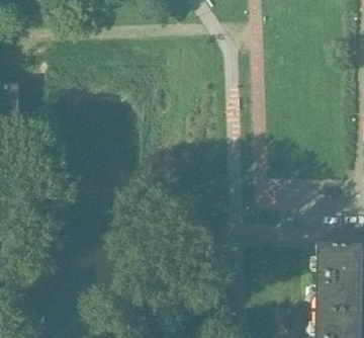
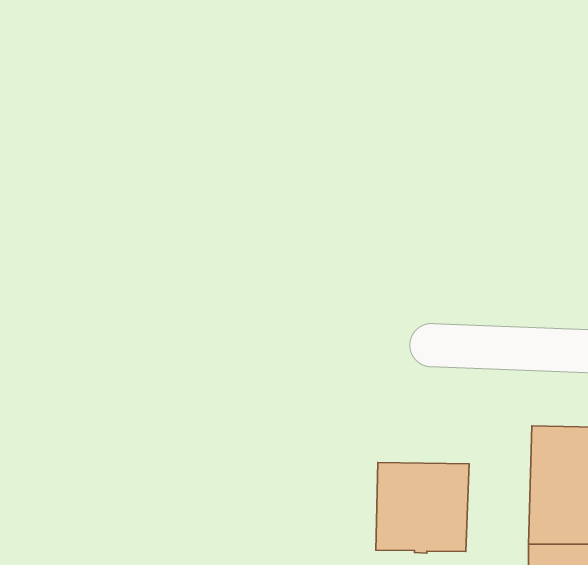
building: none -> [376,463,469,553]

